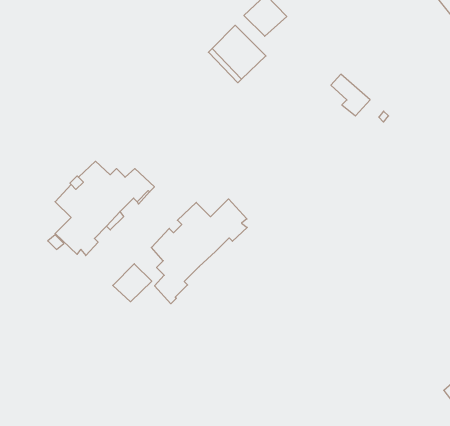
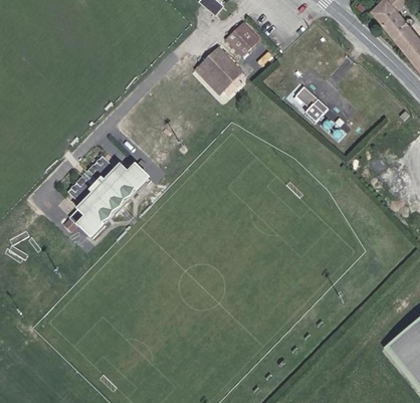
building: [151,199,247,304] -> none
building: [113,264,152,302] -> none

